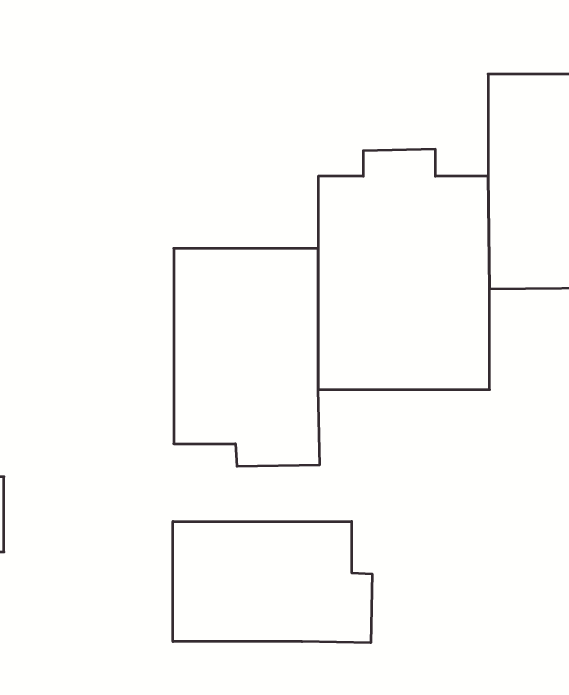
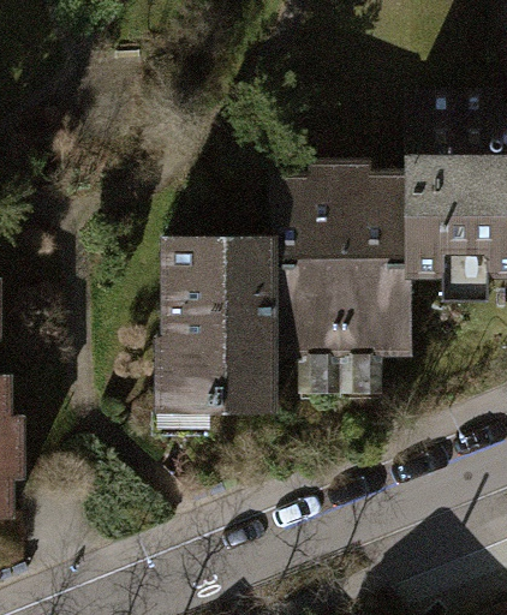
building: [173,521,372,643] -> none

